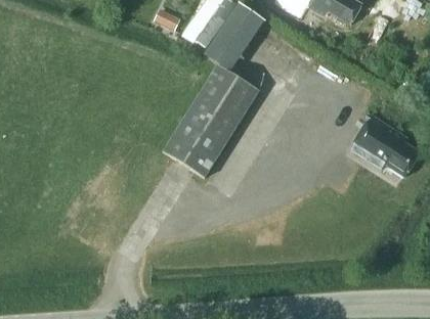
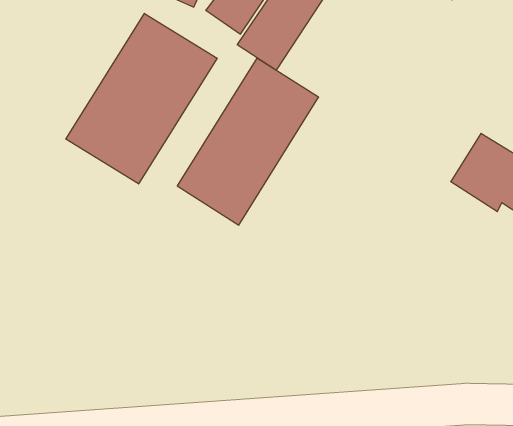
building: none -> [66,13,217,184]

